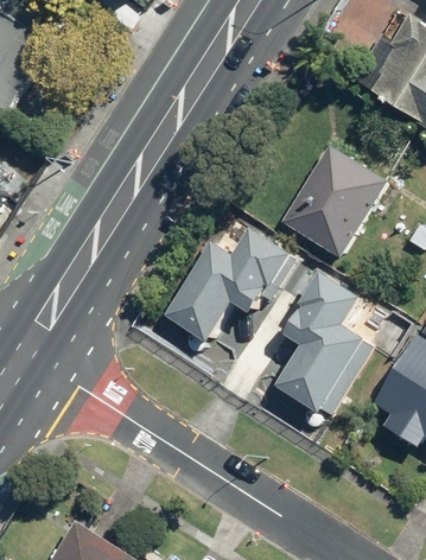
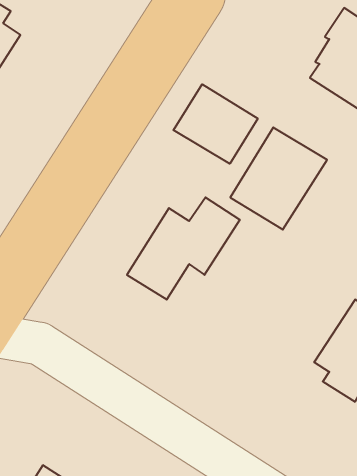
building: none -> [173,84,258,164]
building: [279,267,368,407] -> none

